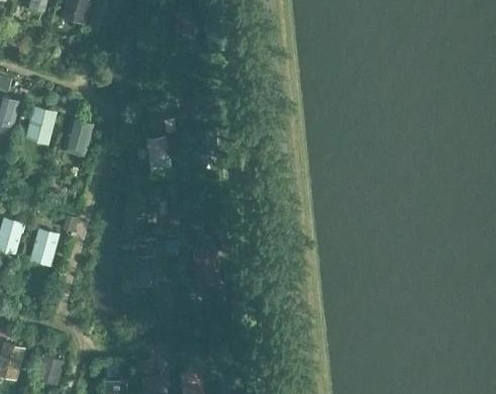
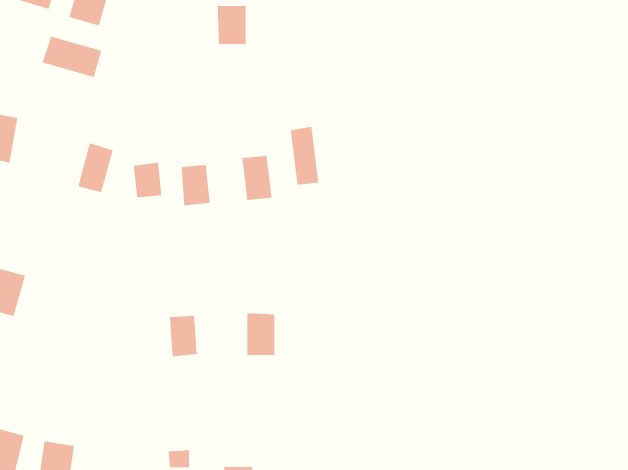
building: none -> [42,36,102,78]
building: [24,104,58,142] -> none
building: none -> [290,126,319,186]
building: none -> [133,162,162,198]
building: [28,230,60,268] -> none

